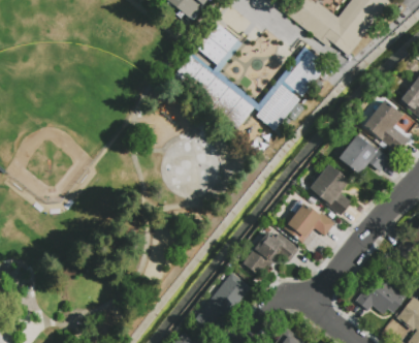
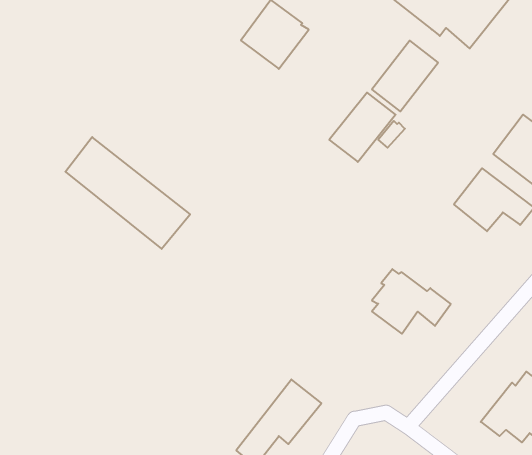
building: [172,55,254,128] -> [65,137,190,249]
building: [309,163,352,216] -> none
building: [243,231,299,276] -> none

